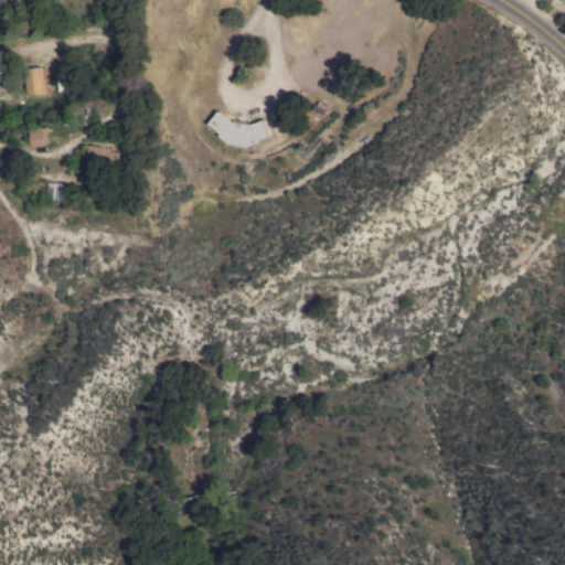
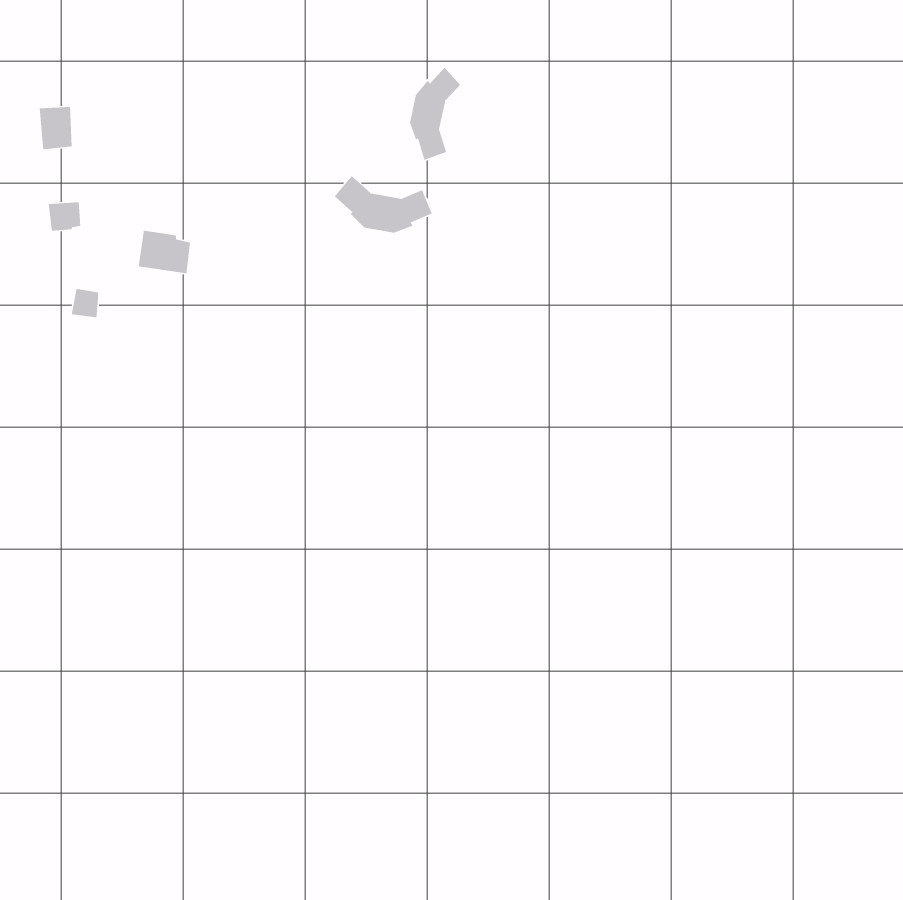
building: none -> [409,67,461,161]

